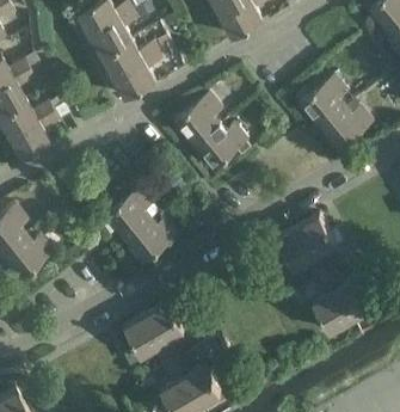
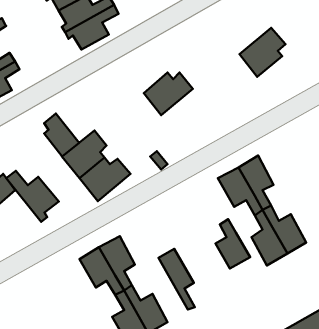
building: [176,90,224,142] -> none
building: [320,102,376,148] -> none
building: none -> [44,113,79,156]
building: none -> [6,171,59,222]
building: none -> [215,219,250,268]
building: none -> [159,249,195,310]

